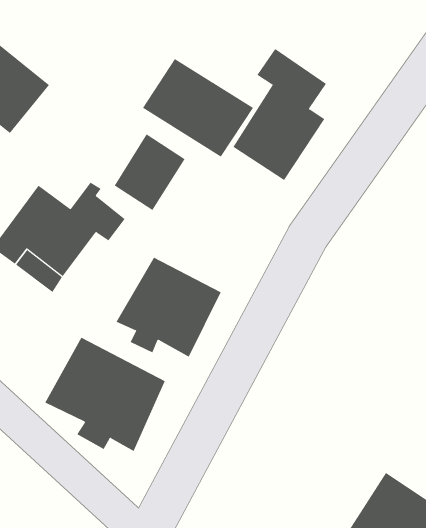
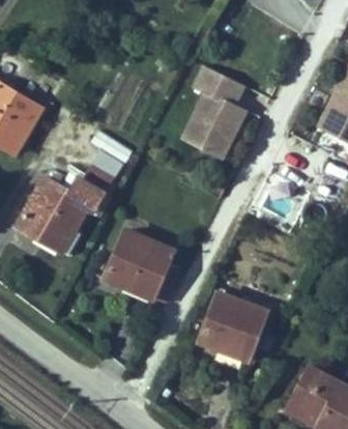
building: [142,58,254,158] -> none
building: [45,337,165,452] -> none
building: none -> [203,288,269,354]

